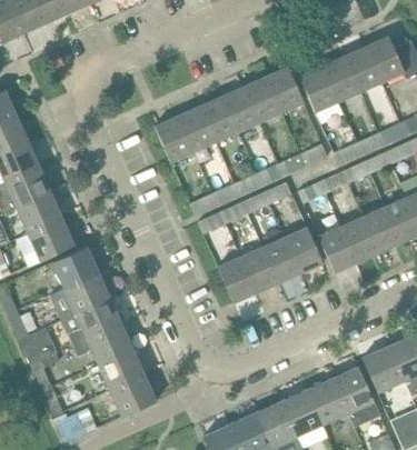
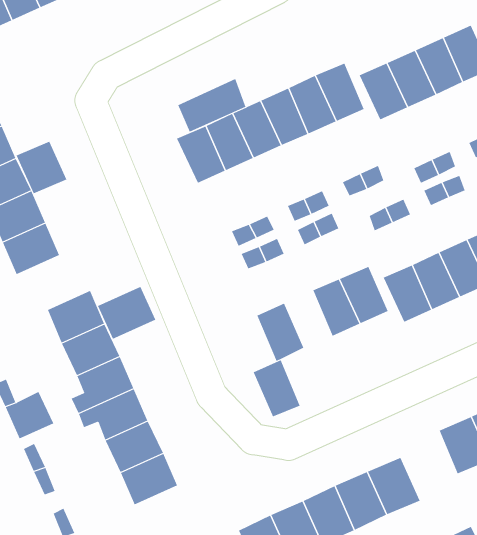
building: none -> [177,78,246,133]
building: none -> [16,141,67,194]
building: [28,219,75,261] -> [97,286,156,340]
building: [240,247,278,292] -> [253,360,301,417]
building: [332,367,380,428] -> none

